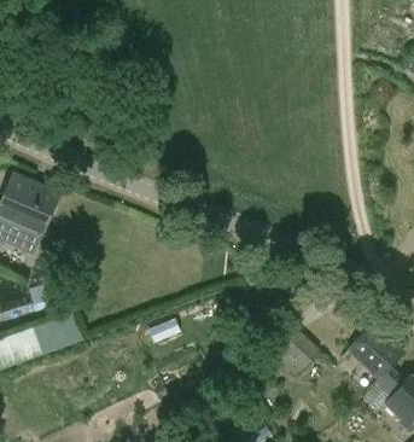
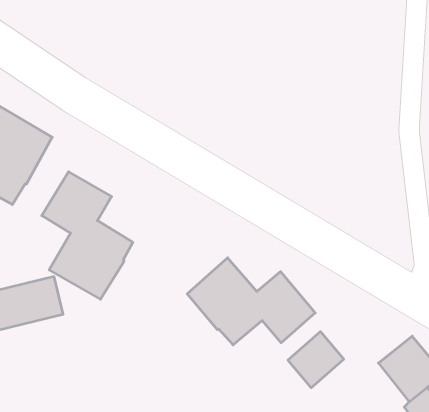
building: none -> [42,172,133,299]
building: none -> [187,258,315,345]

